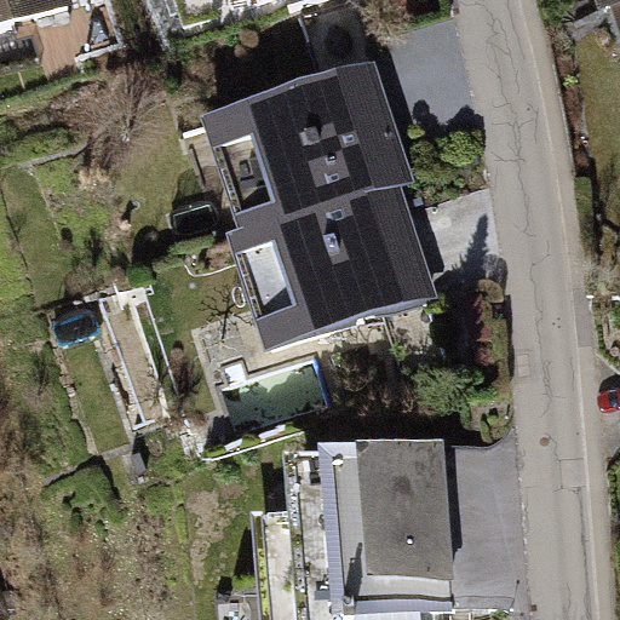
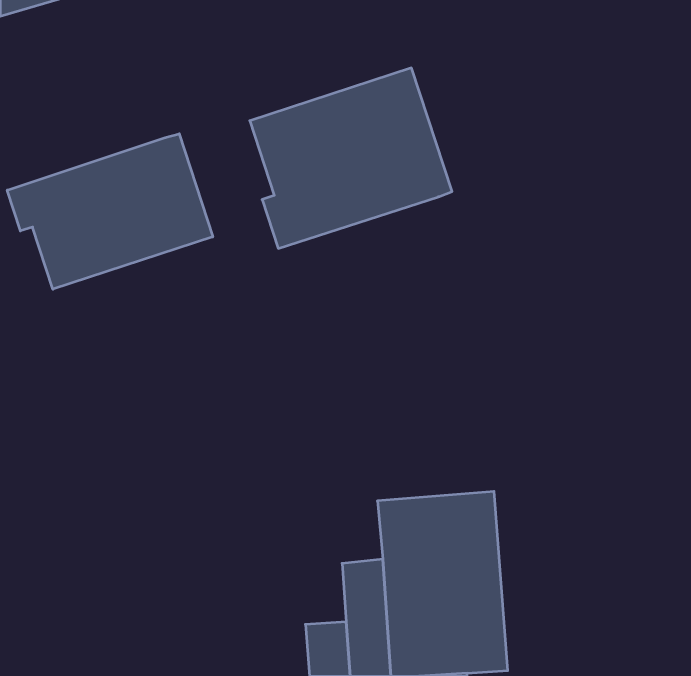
building: none -> [7,134,213,289]
building: [239,176,430,335] -> none

